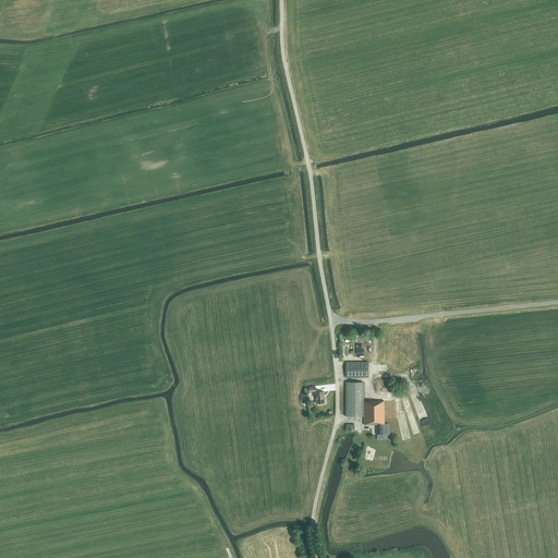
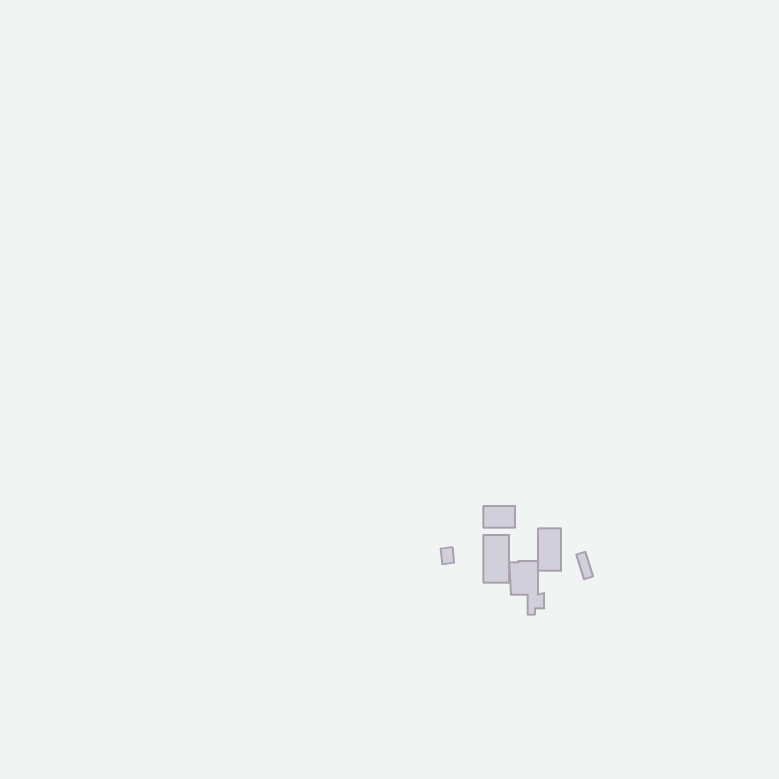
building: none -> [538,528,561,571]

